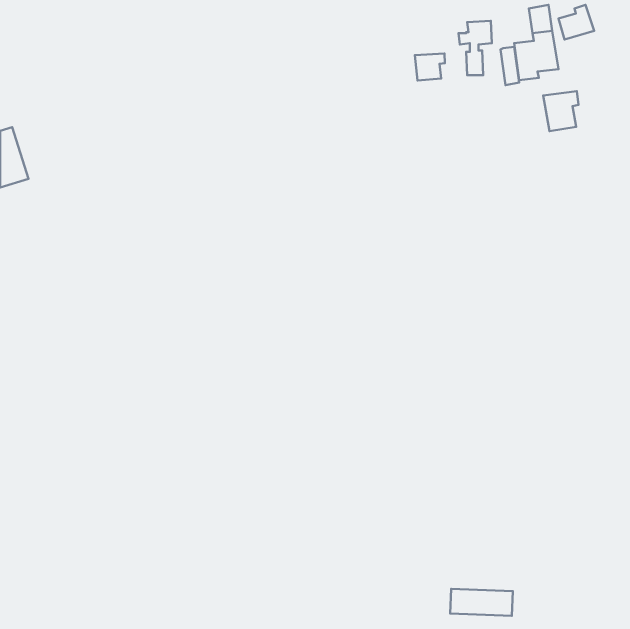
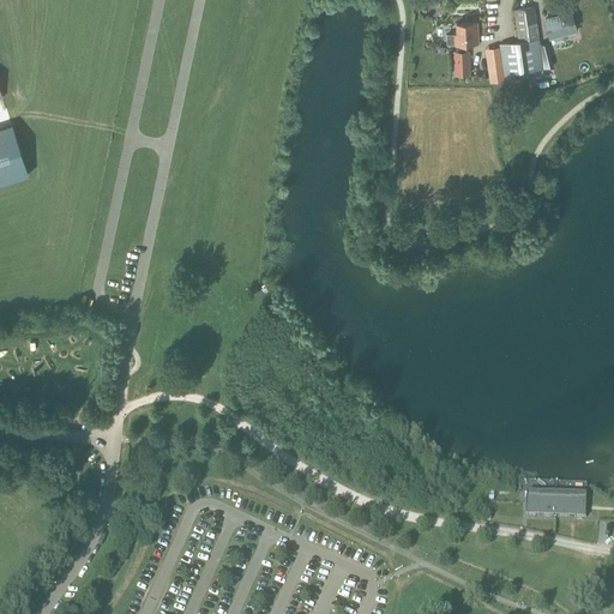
building: [415,53,445,80] -> none
building: [543,91,579,131] -> none
building: [450,589,513,616] -> [525,490,586,517]

